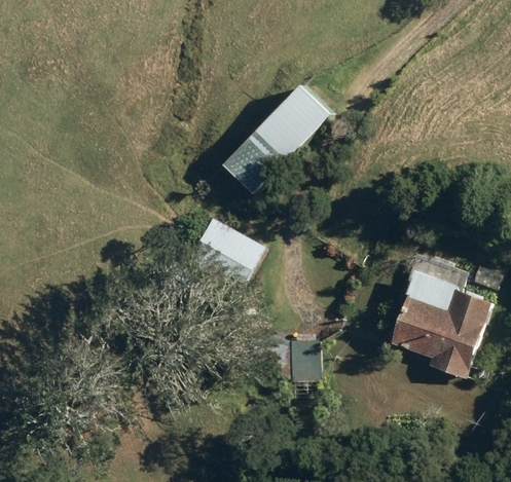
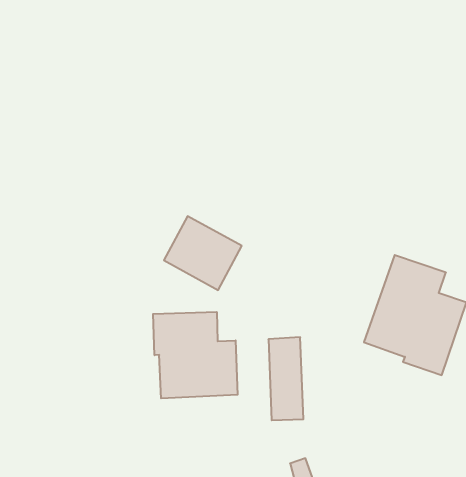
building: [221,84,328,193] -> none
building: none -> [153,312,238,398]

